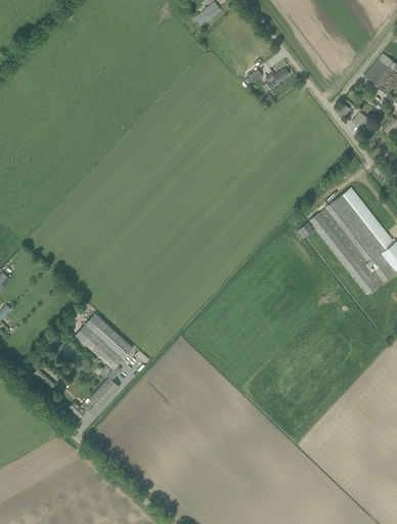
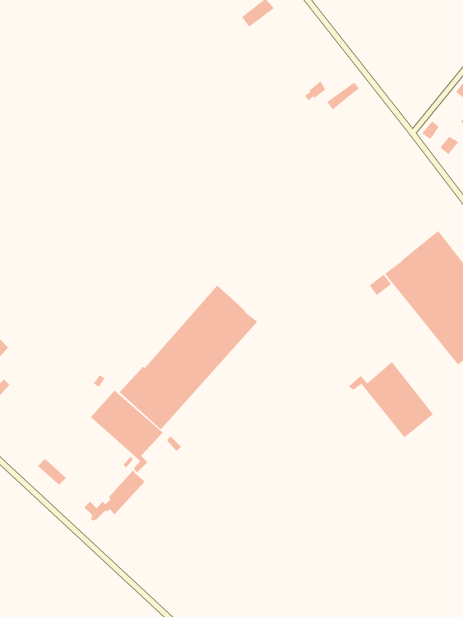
building: none -> [119,285,258,430]
building: none -> [348,361,434,438]

